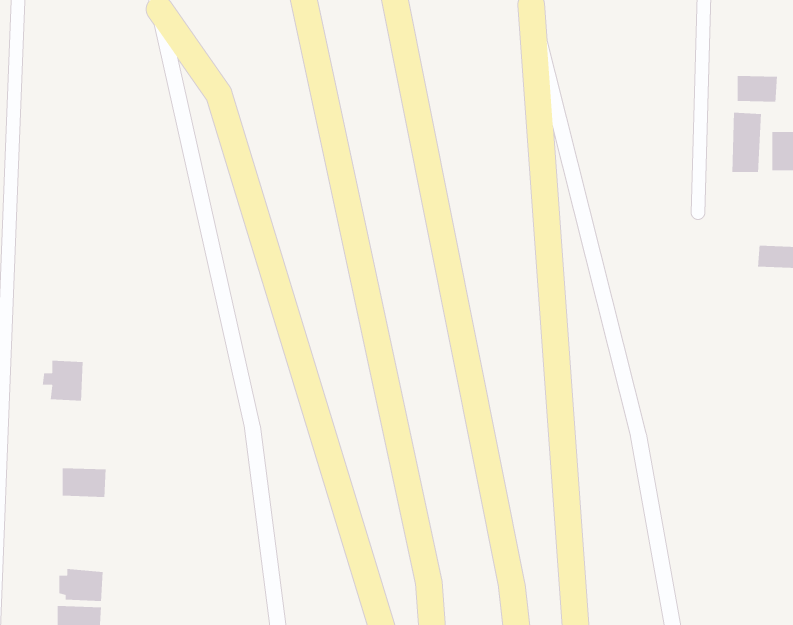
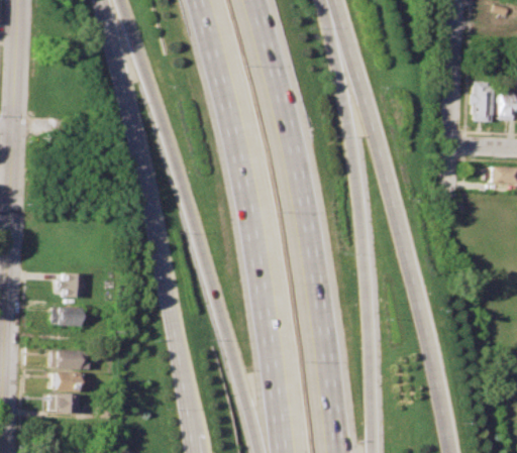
building: [737,75,778,102] -> none
building: [42,360,84,401] -> [60,272,86,299]
building: none -> [53,350,88,369]

